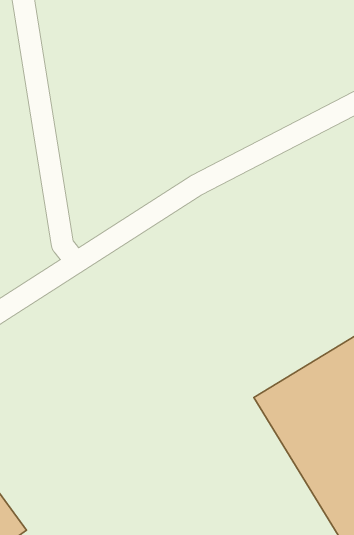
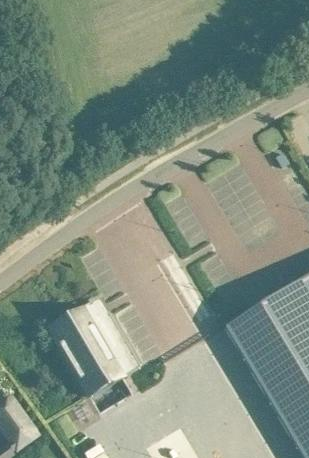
building: none -> [49,300,142,397]

